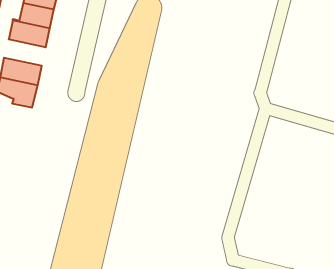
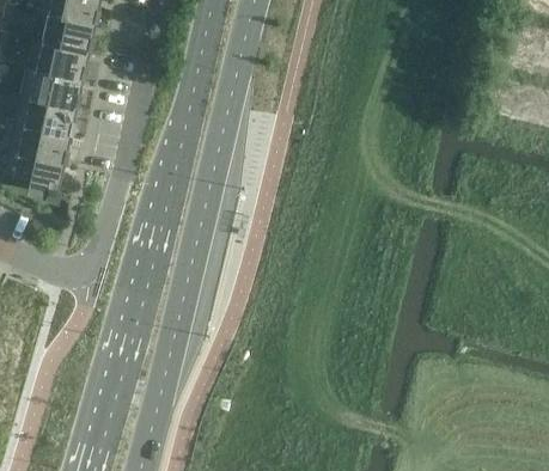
building: none -> [17,80,79,120]

